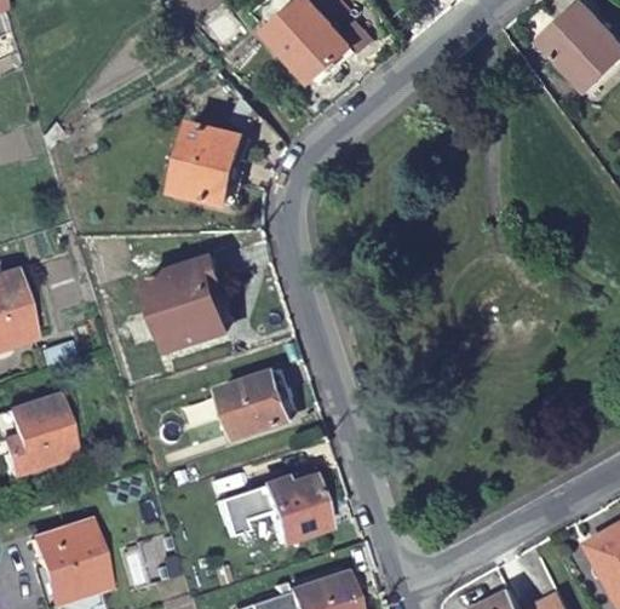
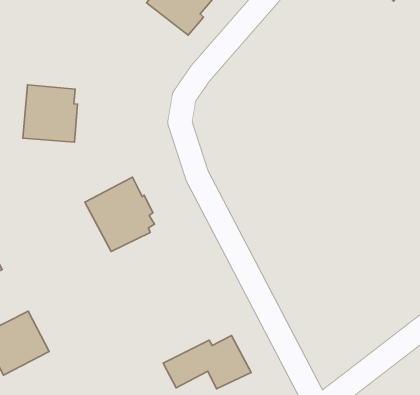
building: [176,122,252,205] -> [23,85,78,142]
building: [222,369,293,435] -> none

